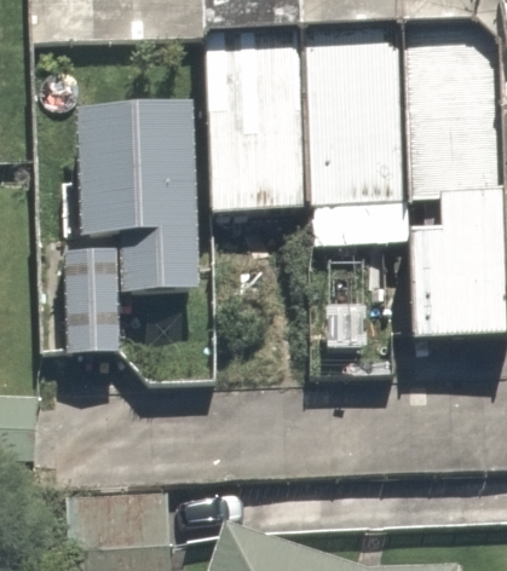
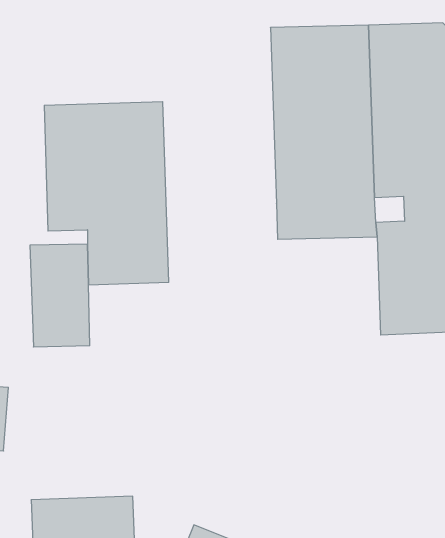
building: [207,31,311,212] -> none

